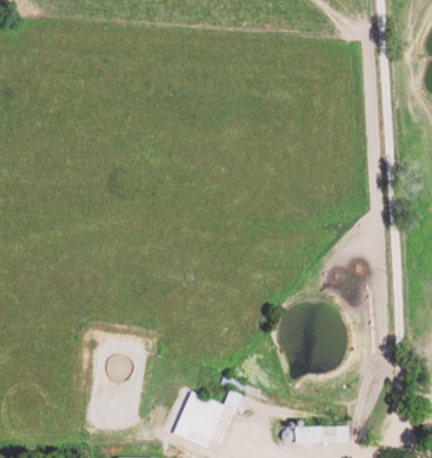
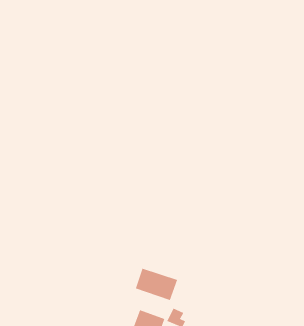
building: none -> [135,268,178,301]

